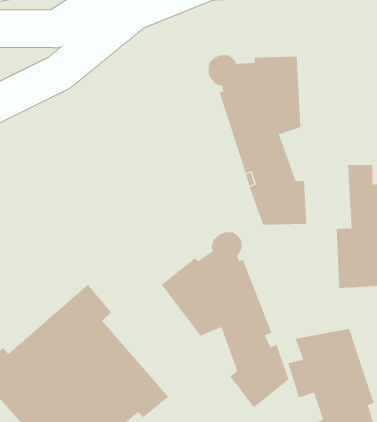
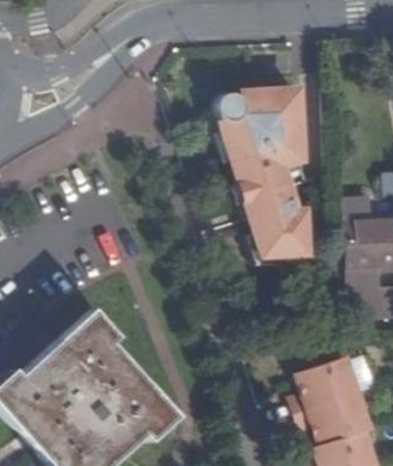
building: [161,231,289,408] -> none

